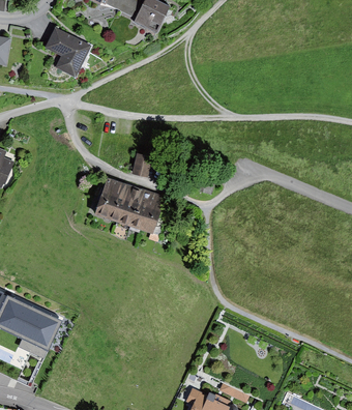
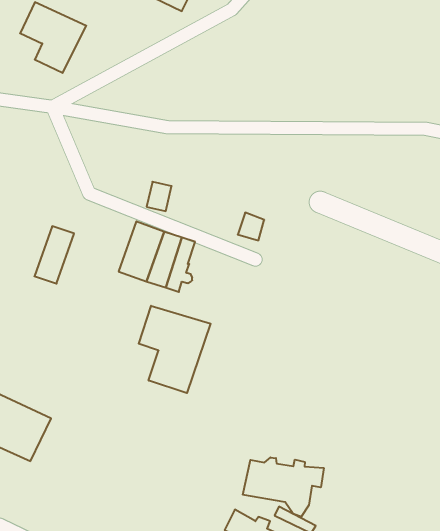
building: [96,177,124,217] -> [34,226,74,284]
building: none -> [139,306,211,393]
building: none -> [243,457,324,517]

